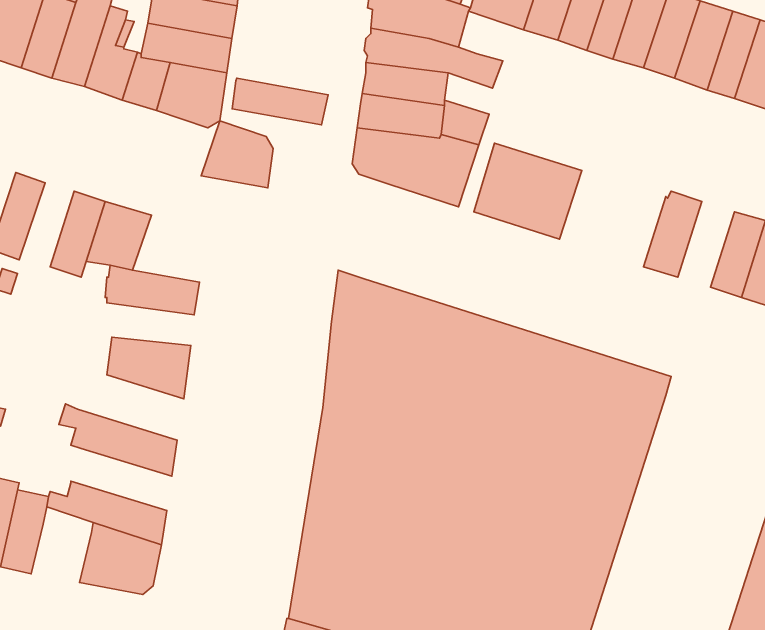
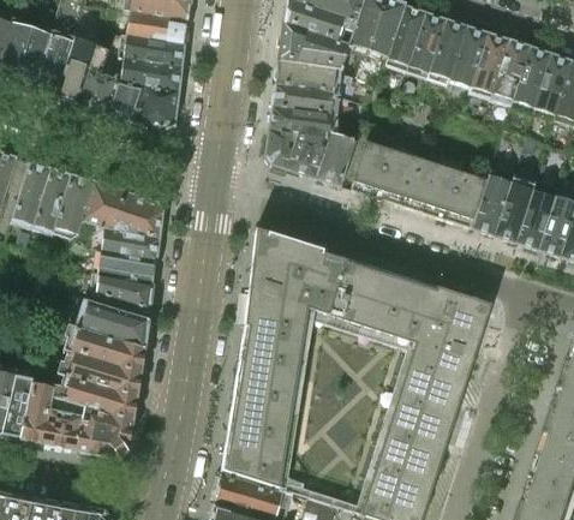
building: [232,78,328,125] -> none
building: [201,121,273,188] -> [112,191,162,238]
building: none -> [411,160,485,227]
building: none -> [32,168,71,228]
building: none -> [494,181,533,241]
building: none -> [91,252,155,282]
building: none -> [73,299,148,348]
building: none -> [55,354,139,398]
building: none -> [41,407,83,448]

